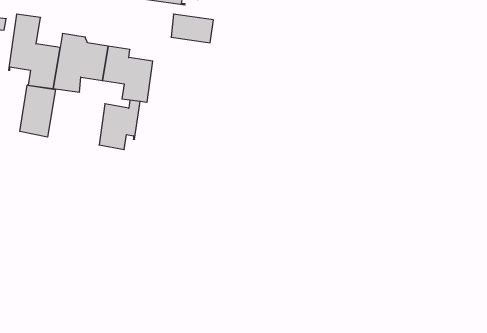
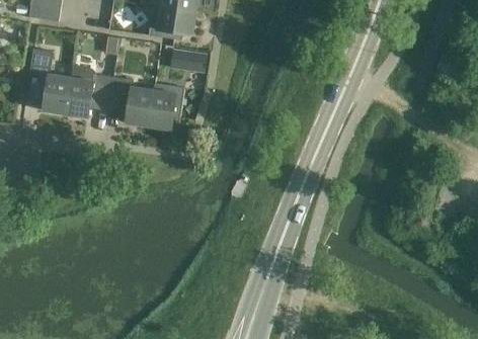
building: [20,85,55,137] -> none
building: [99,100,140,150] -> [148,86,184,130]

